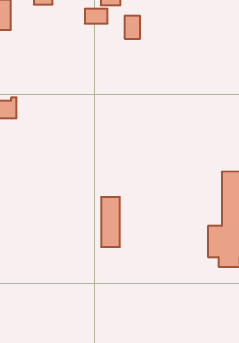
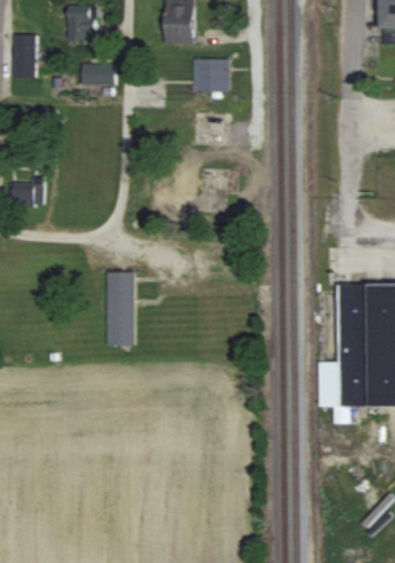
building: [85,9,108,24] -> [81,64,114,85]
building: [101,197,120,247] -> [107,273,134,345]

